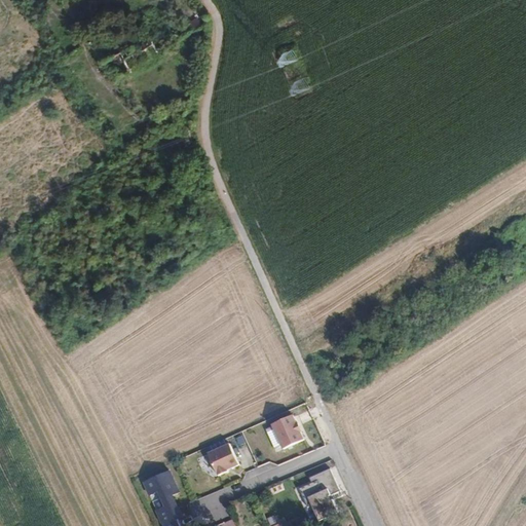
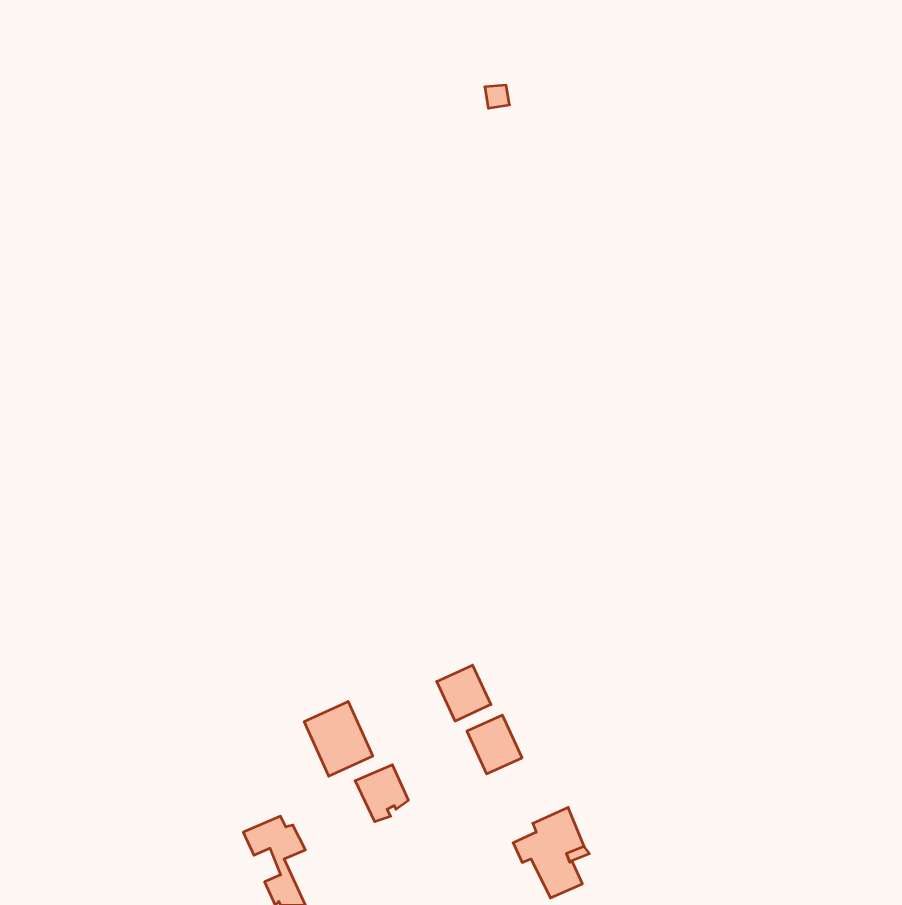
building: none -> [437,665,491,721]
building: none -> [304,701,373,776]

